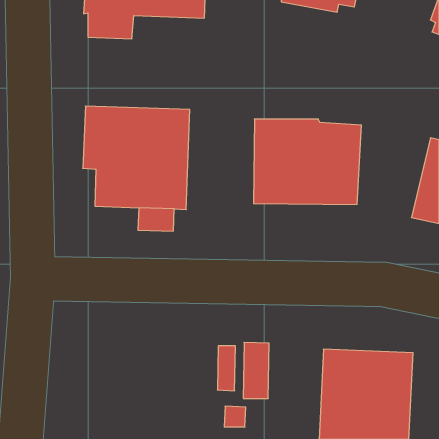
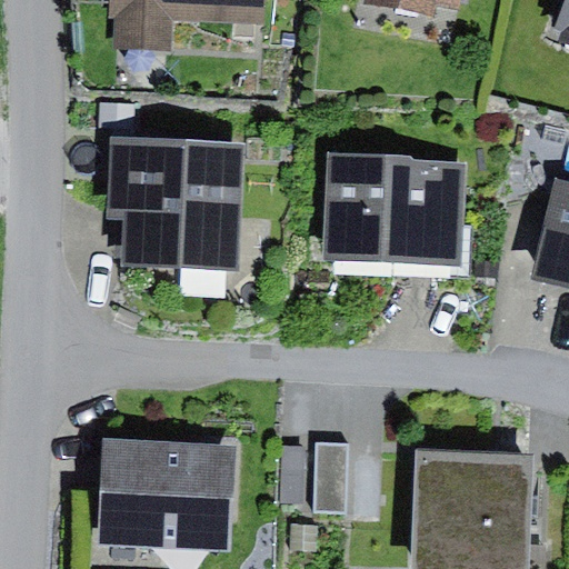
building: none -> [98,439,236,551]

